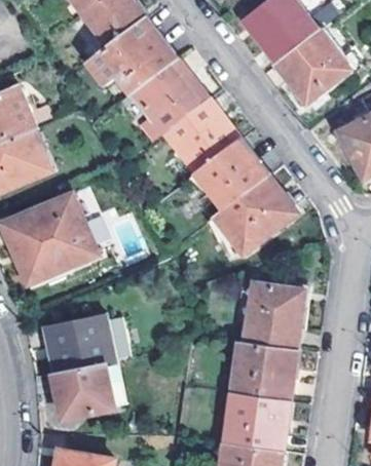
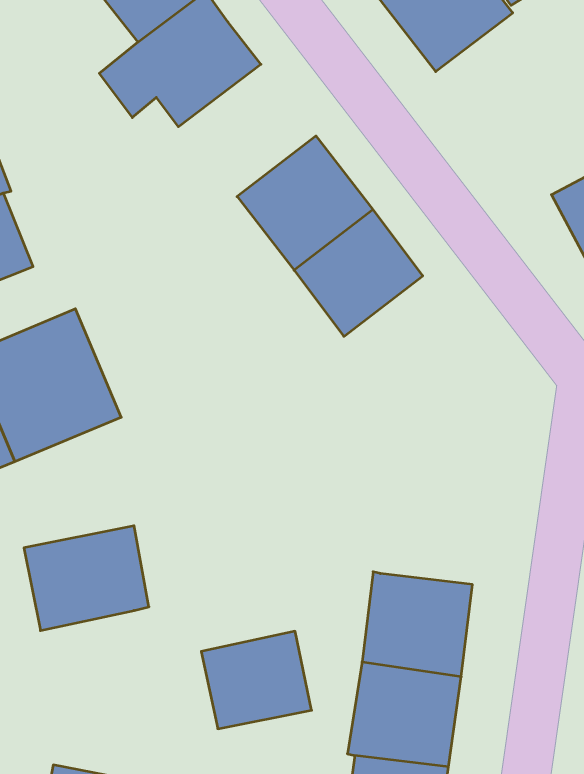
building: [274,29,346,101] -> none
building: [131,57,208,133] -> none
building: [214,176,296,253] -> none
building: [244,280,303,348] -> none
building: [53,362,115,417] -> [201,631,312,729]

